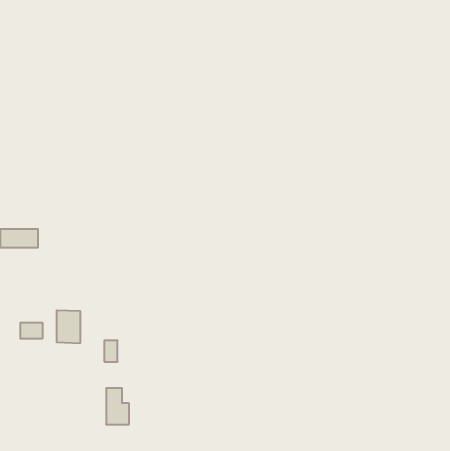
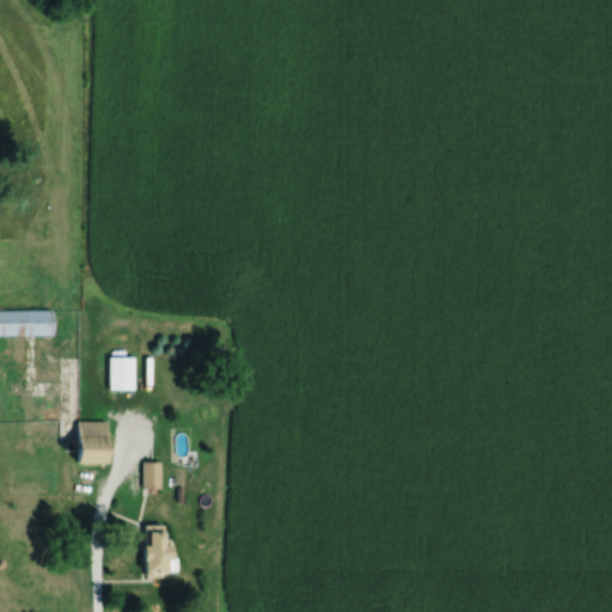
building: none -> [110,357,136,391]
building: [20,323,42,339] -> none

